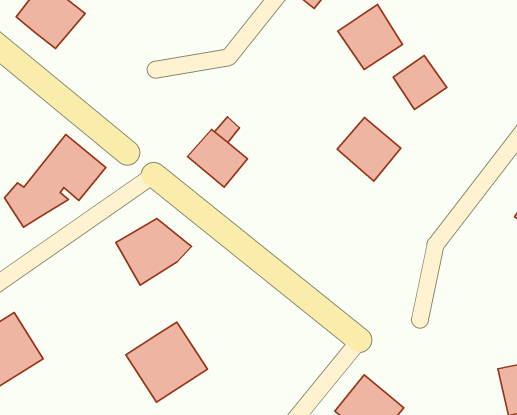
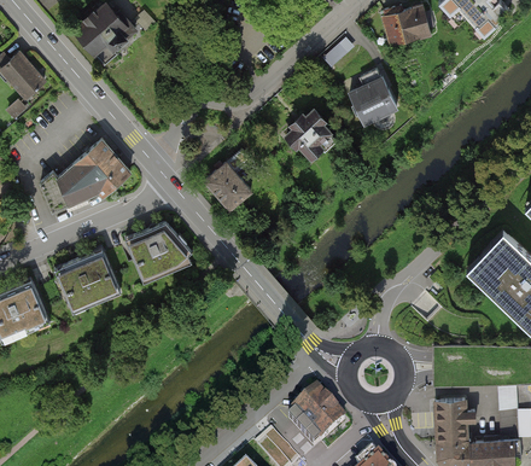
building: [393,56,447,110] -> none
building: [337,118,401,181] -> [285,106,339,162]
building: [126,322,208,402] -> [54,250,122,315]

